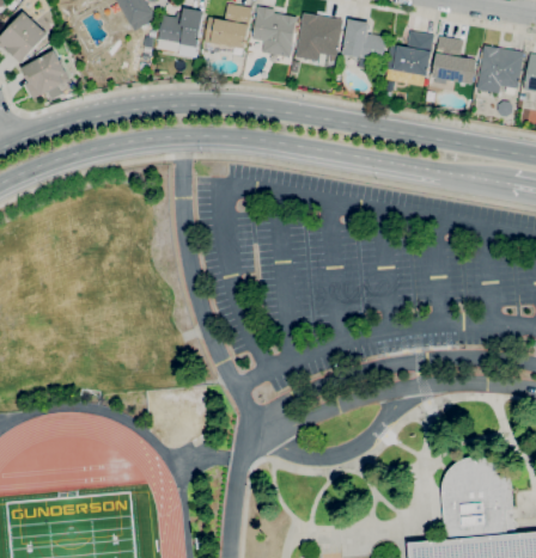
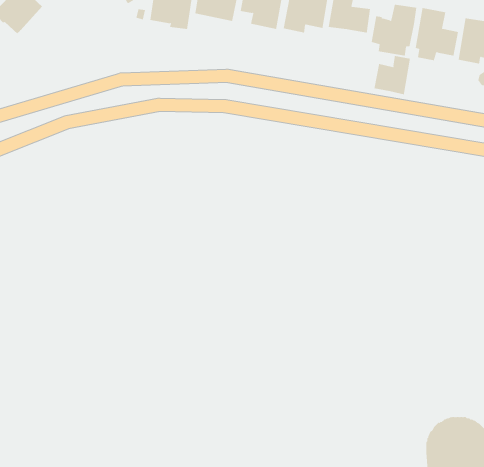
building: [22,49,71,99] -> none
building: none -> [374,55,411,95]

